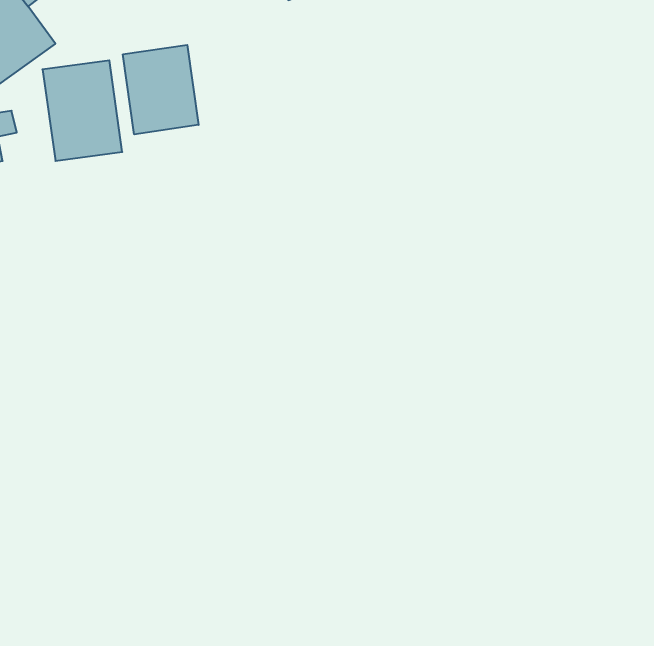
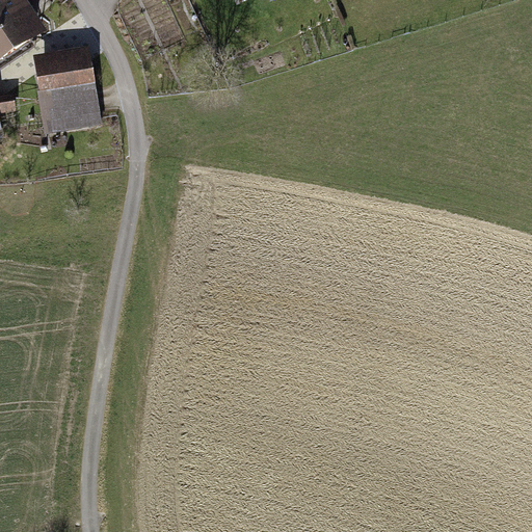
building: [123,45,199,134] -> none

